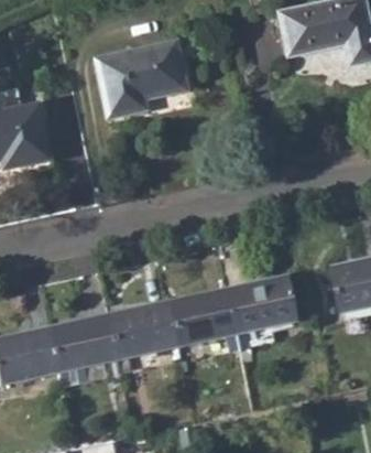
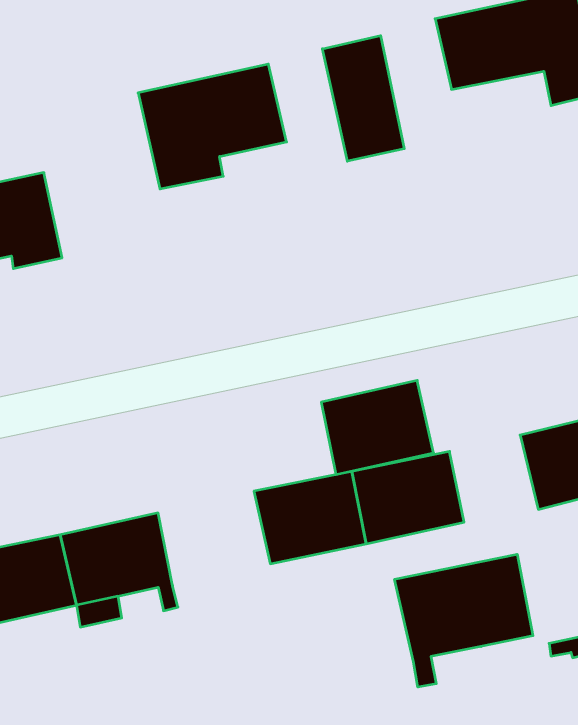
building: none -> [322,36,404,161]
building: [109,300,177,357] -> [321,380,434,475]
building: none -> [395,554,533,687]

